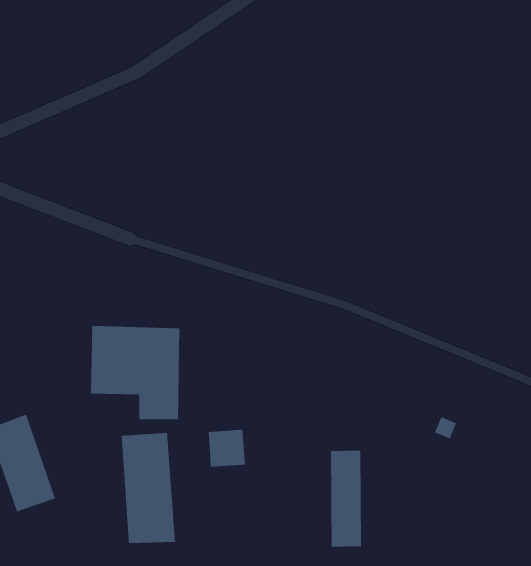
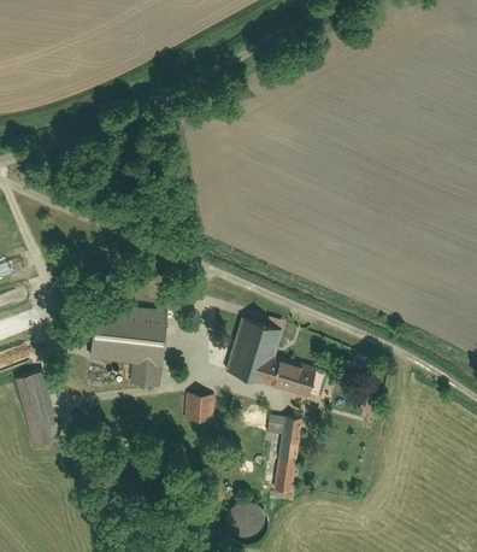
building: none -> [224,317,322,399]
building: [121,432,175,544] -> none

